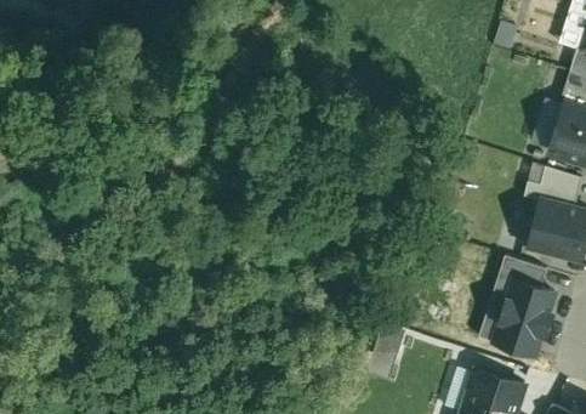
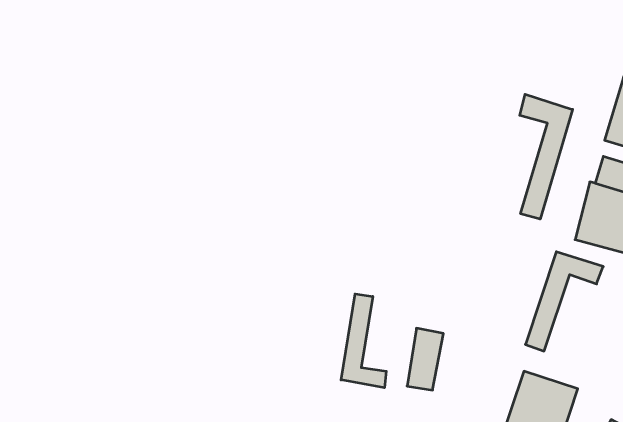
building: none -> [520,94,573,219]
building: [494,277,558,359] -> none
building: none -> [341,294,386,388]

